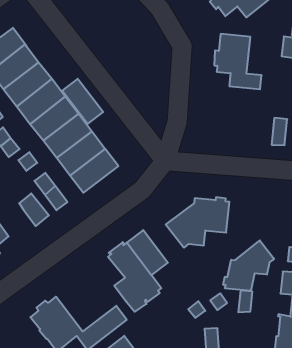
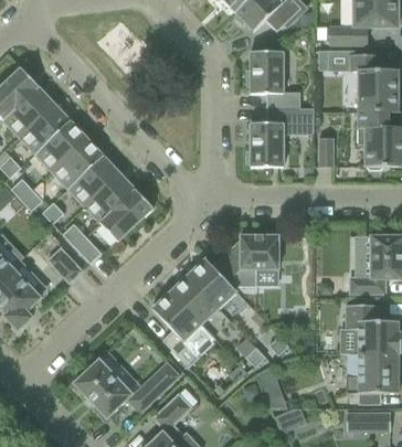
building: [62,79,103,124] -> none
building: none -> [246,107,300,167]
building: none -> [188,257,236,308]
building: [223,240,274,291] -> none

